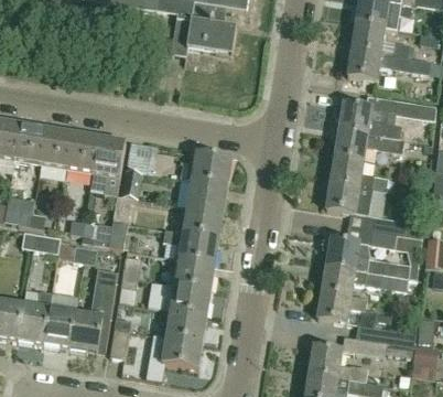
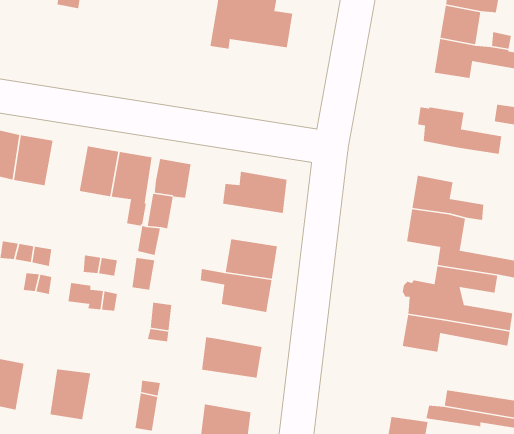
building: [40,128,73,169] -> none
building: [334,129,403,161] -> none
building: [175,179,228,212] -> none
building: [174,258,215,291] -> none
building: [69,268,117,354] -> none
building: [17,289,52,345] -> none
building: [317,291,367,323] -> none
building: [160,310,207,343] -> none

